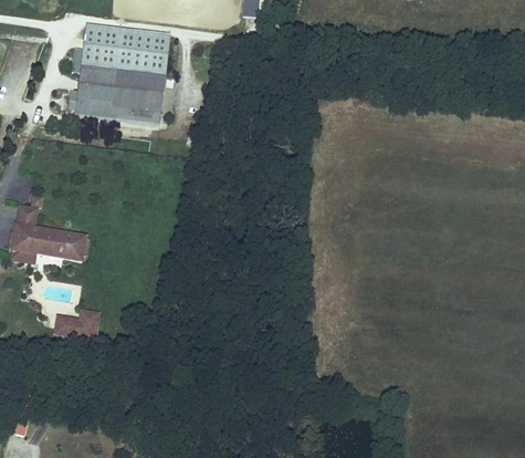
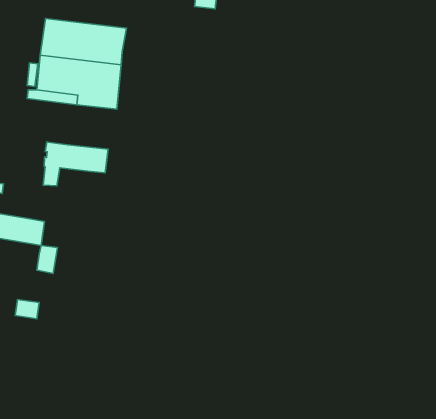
building: none -> [43,142,108,186]
building: [78,309,99,337] -> [37,245,57,273]

